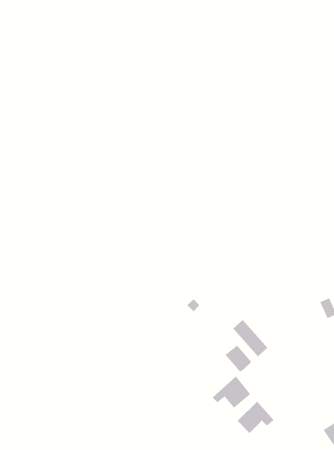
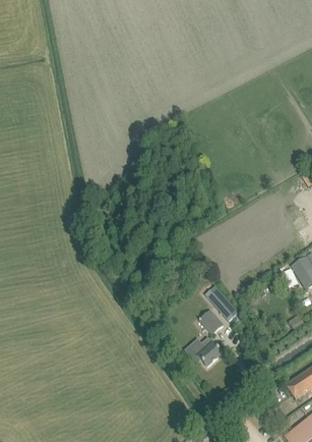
building: [237,401,274,434] -> none

